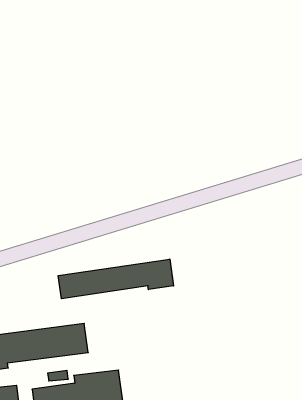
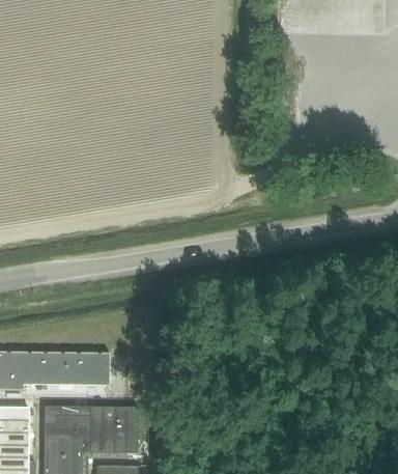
building: [58,259,174,299] -> none

